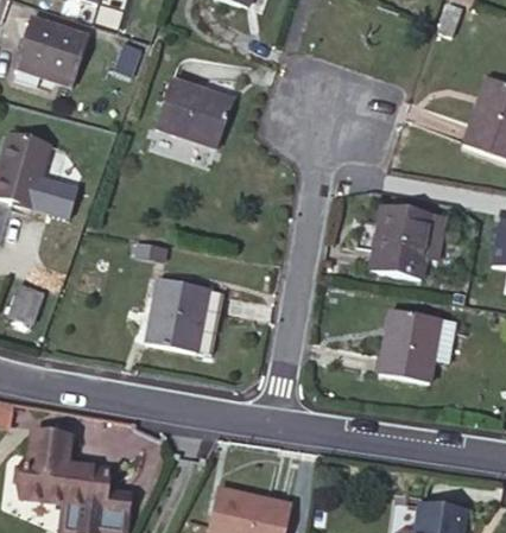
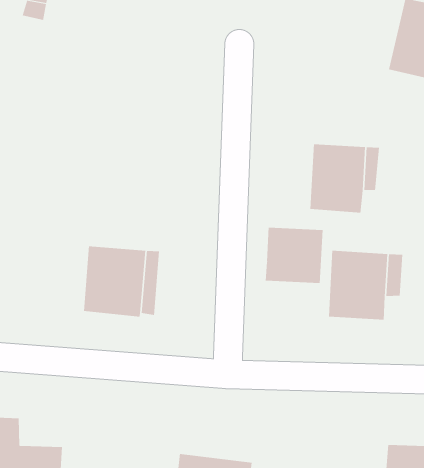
building: [157,77,234,145] -> none
building: none -> [265,227,323,284]

